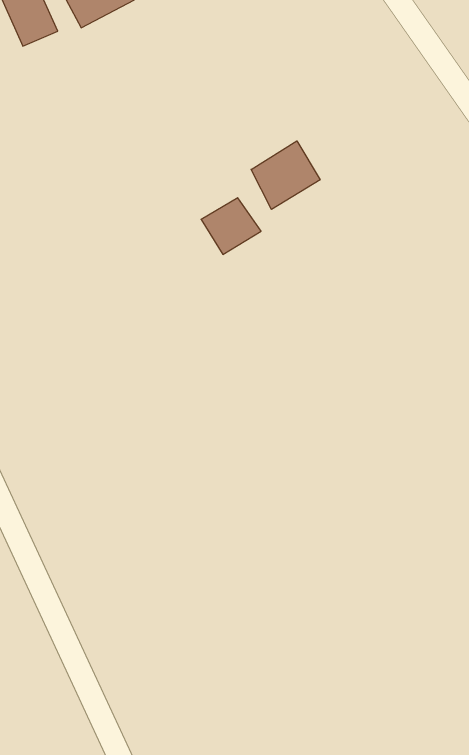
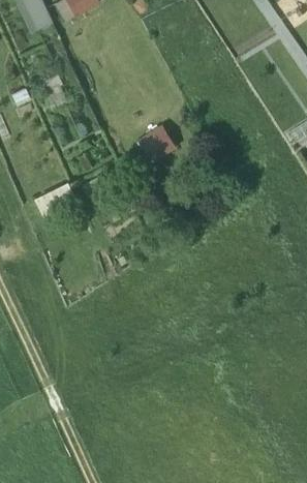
building: [251,141,320,209] -> none

